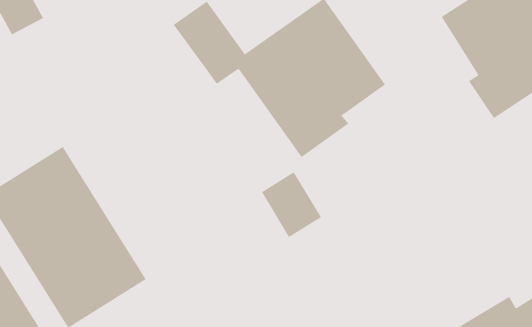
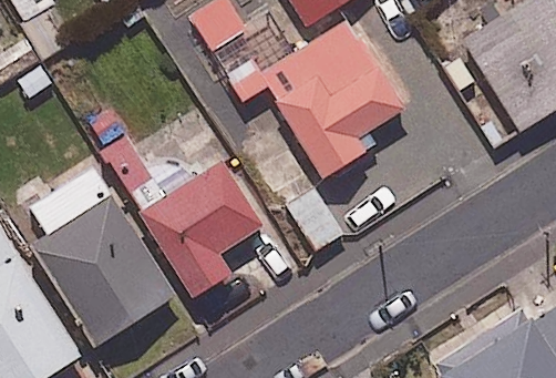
building: none -> [87,110,262,296]

